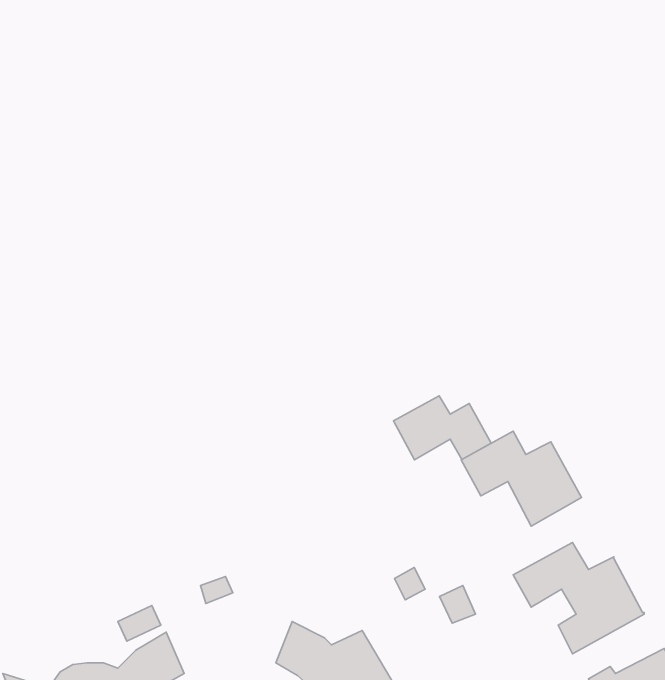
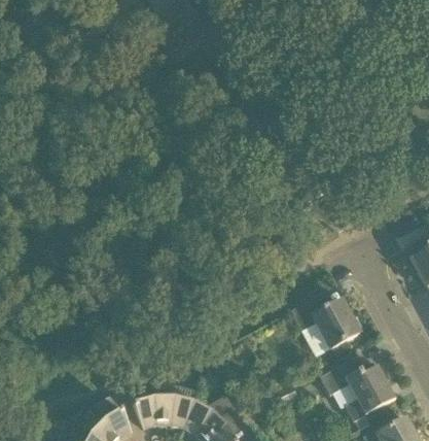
building: [394,396,491,460] -> none
building: none -> [133,397,193,427]

